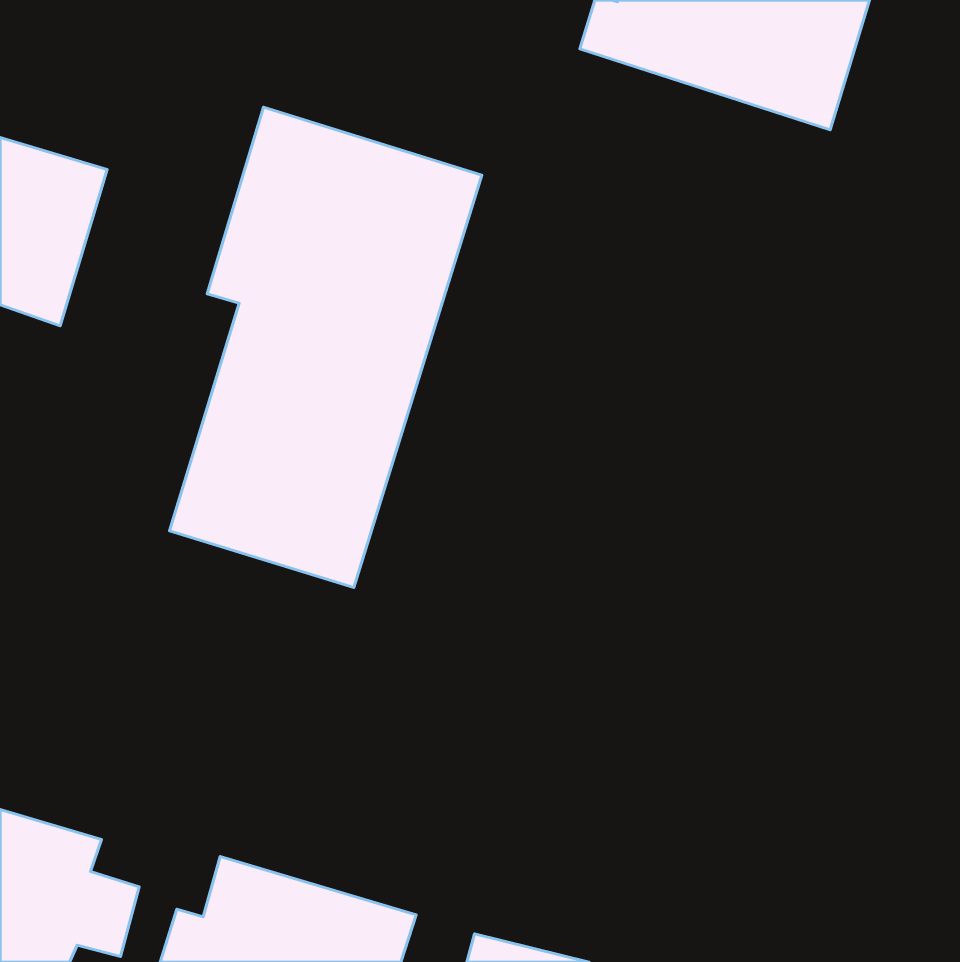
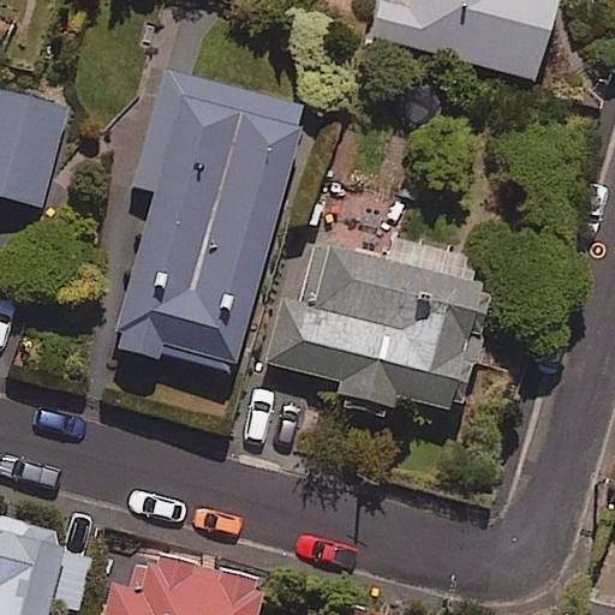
building: none -> [267,240,488,411]

